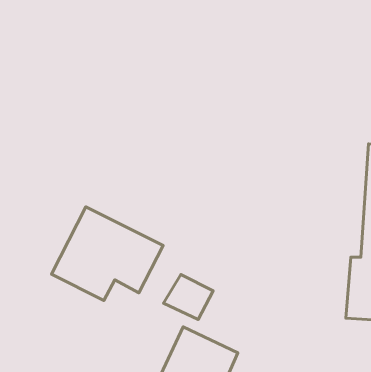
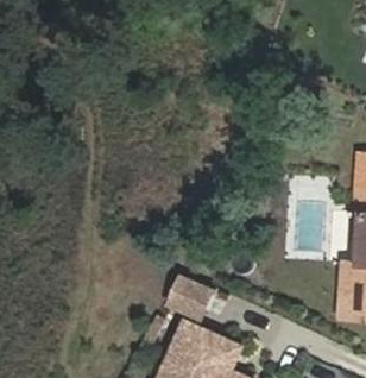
building: [52,207,163,300] -> none

